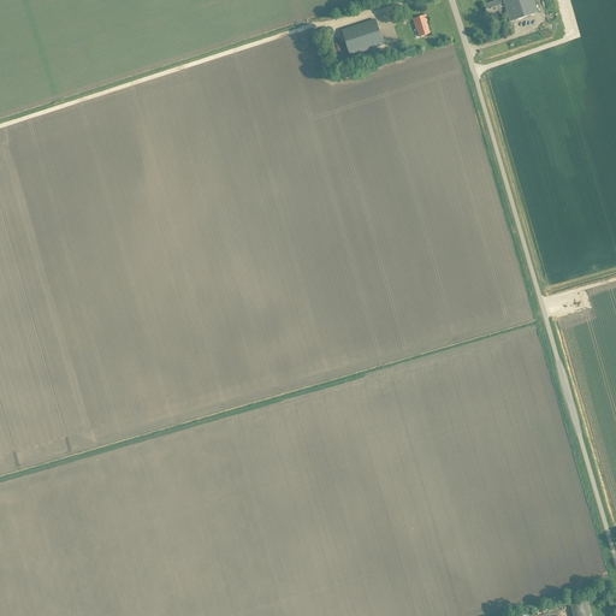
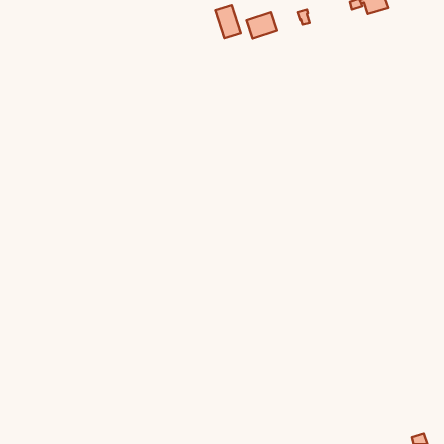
building: none -> [215,5,241,38]

